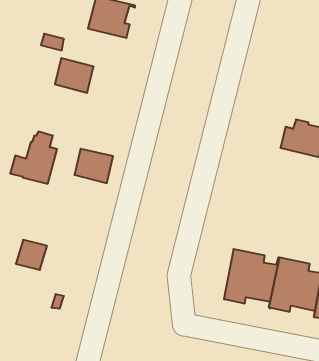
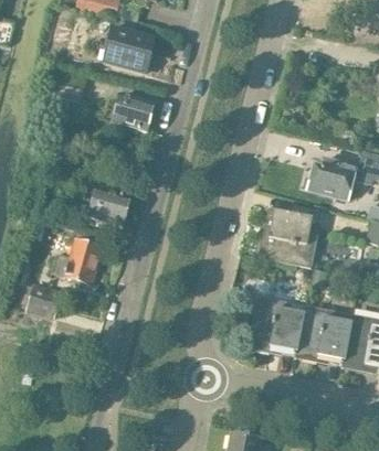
building: [55,58,94,93] -> [113,94,154,130]
building: [10,132,57,184] -> [52,228,102,283]
building: none -> [259,208,320,267]

